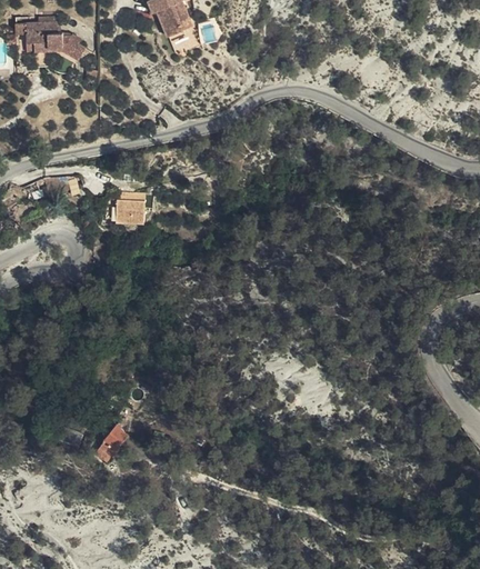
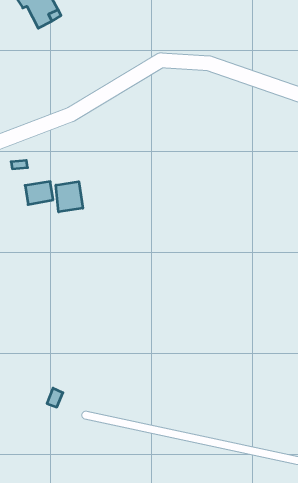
building: none -> [56,182,83,212]

